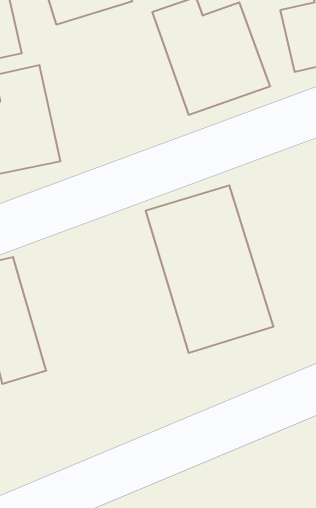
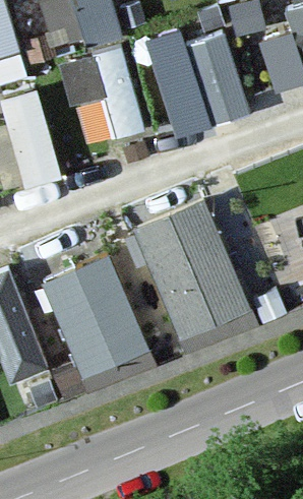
building: none -> [57,50,138,138]
building: none -> [40,250,154,381]

